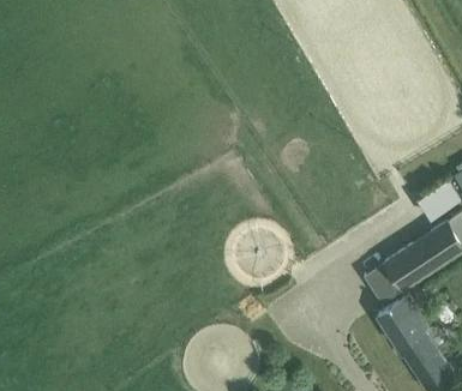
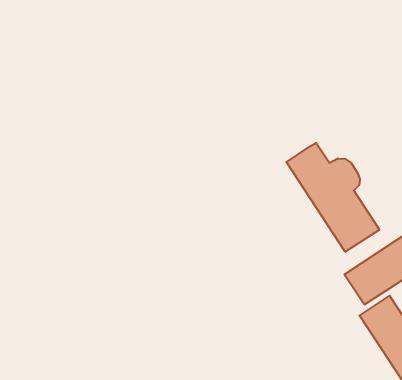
building: none -> [286,143,379,252]

